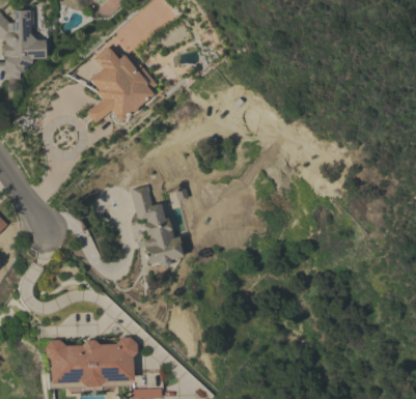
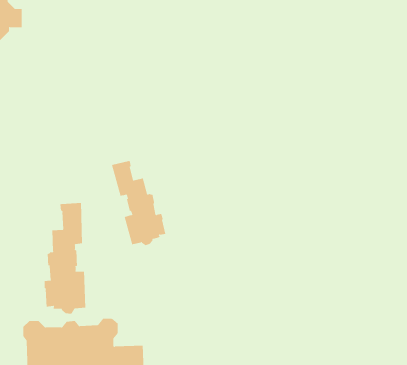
building: [86,47,157,123] -> none
building: none -> [44,202,86,315]

